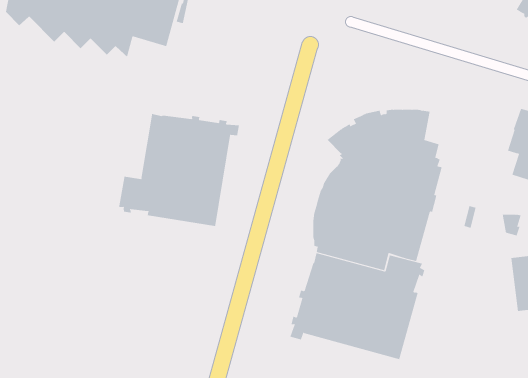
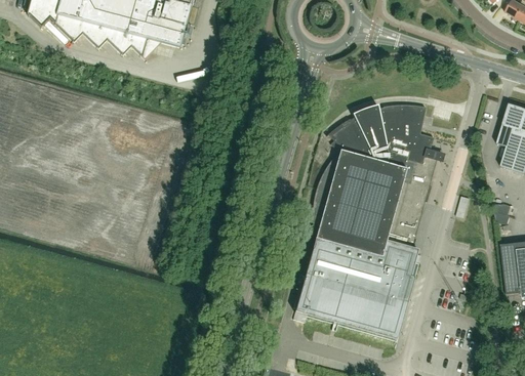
building: [118,113,239,227] -> none

